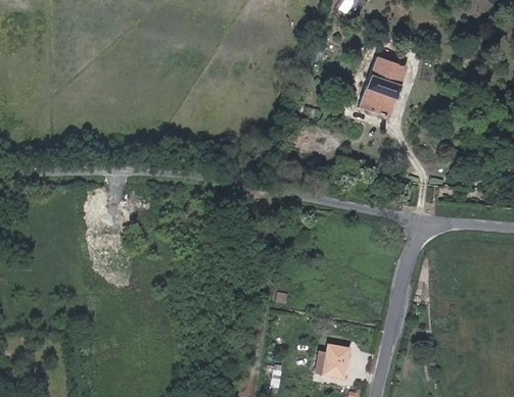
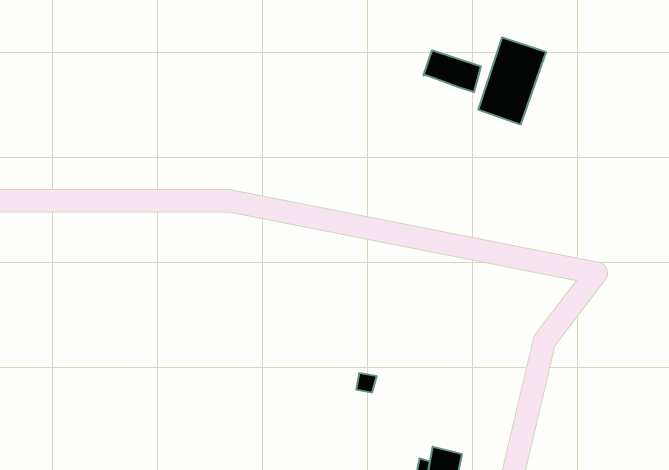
building: none -> [424,50,481,92]

